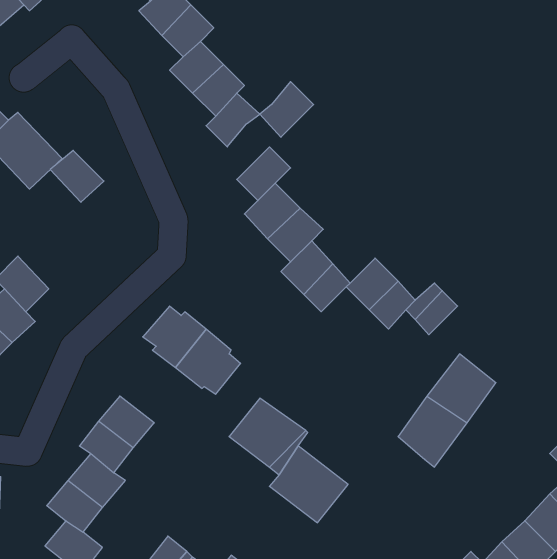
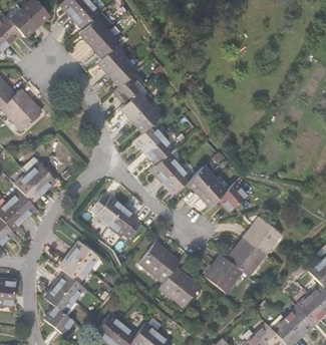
building: [260,82,314,137] -> [126,97,154,126]
building: [50,150,104,202] -> [23,156,51,184]
building: none -> [202,256,236,289]

